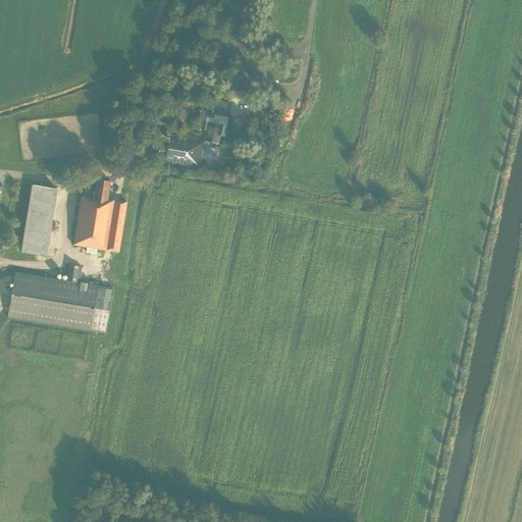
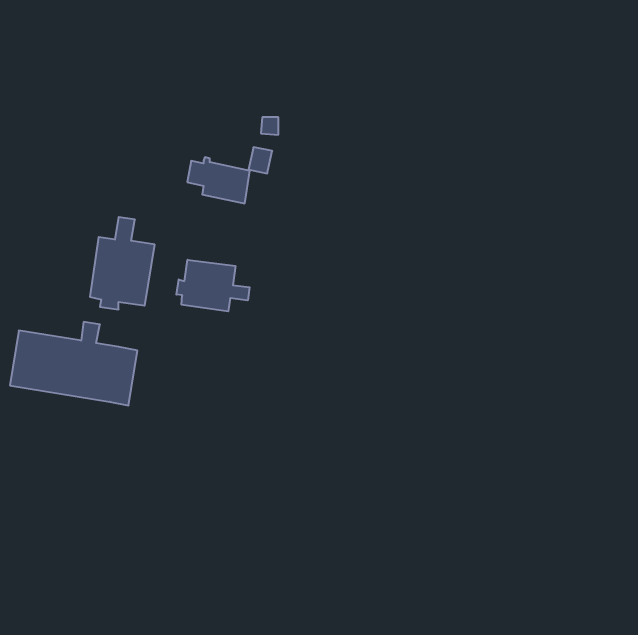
building: [21,184,57,254] -> none
building: none -> [176,260,250,311]

